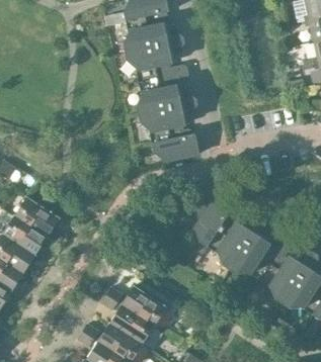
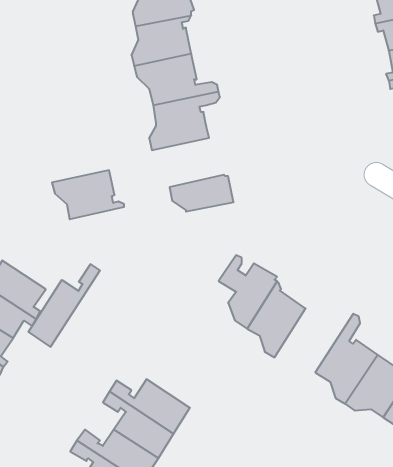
building: [138,106,191,143] -> [52,170,124,219]
building: none -> [28,264,100,347]
building: [229,233,288,280] -> none

